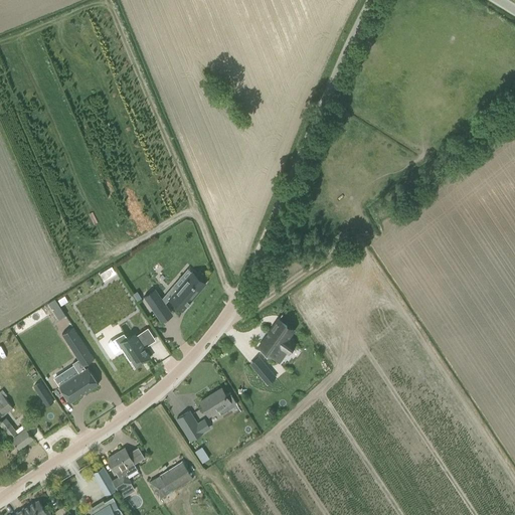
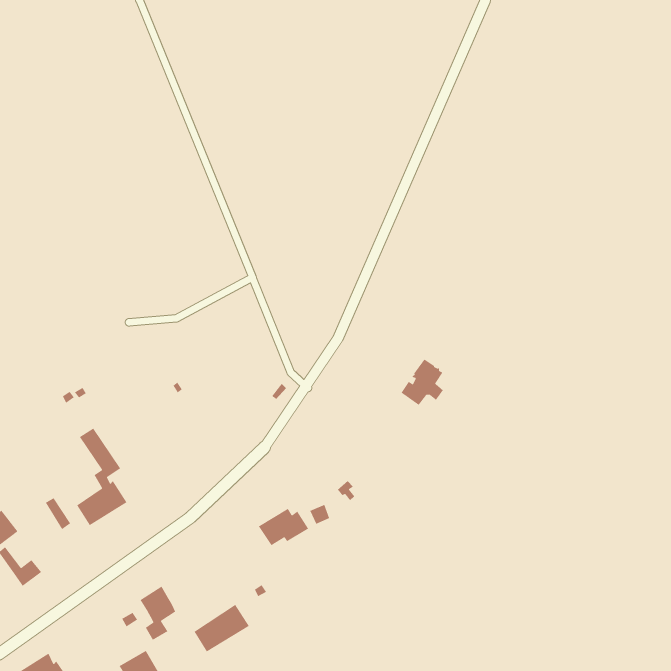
building: [143,273,204,314] -> none
building: [259,321,292,357] -> [401,359,444,406]
building: [116,334,149,367] -> none
building: [175,411,201,442] -> none

